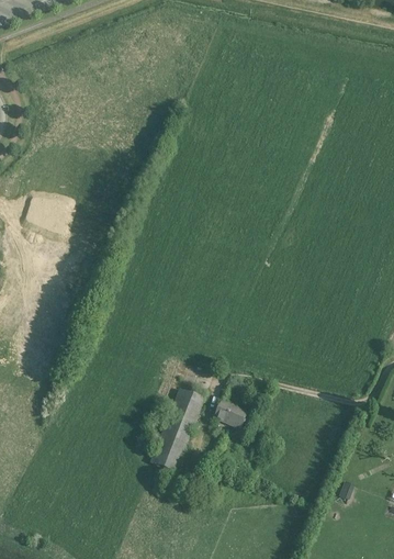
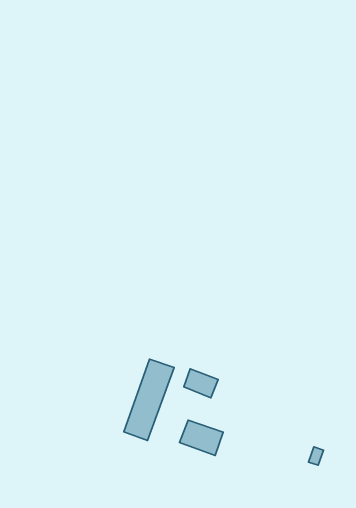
building: none -> [179,420,223,456]

